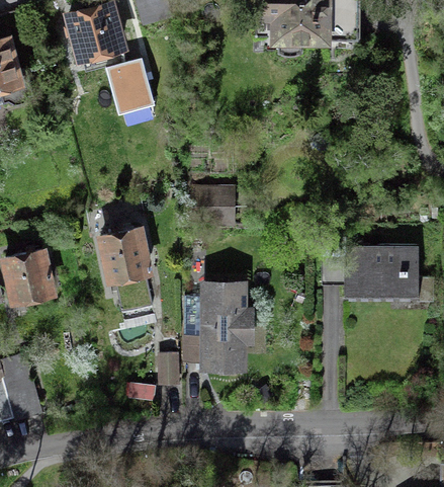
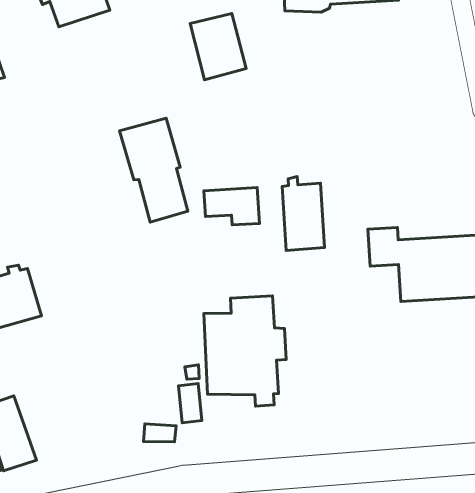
building: [109,50,153,102] -> [190,14,246,80]
building: none -> [282,177,324,251]
building: [101,228,153,312] -> [120,118,188,222]

